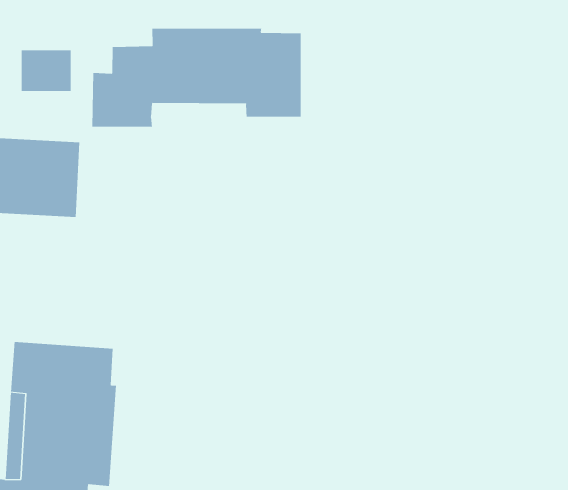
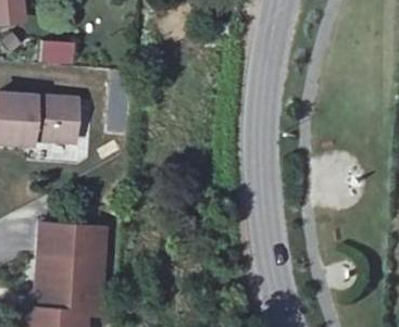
building: [92,28,301,127] -> none

